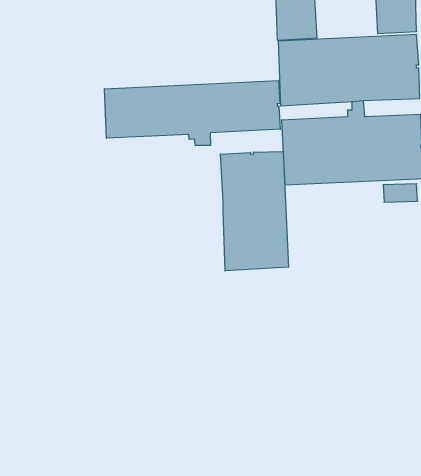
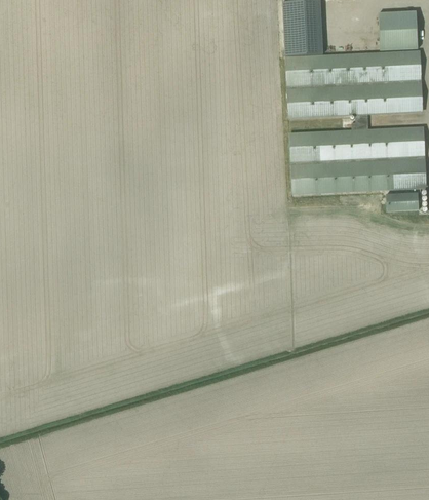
building: [104,81,280,146] -> none
building: [221,151,288,271] -> none

